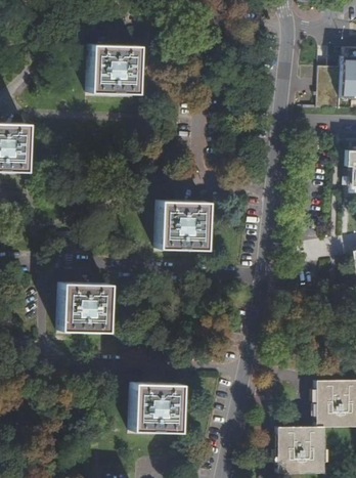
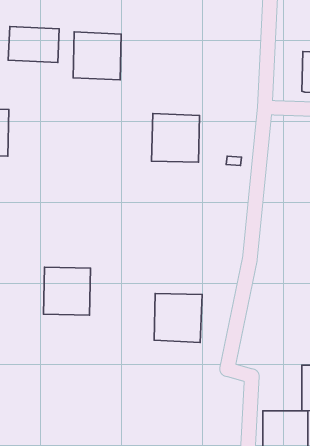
building: none -> [8,27,59,62]
building: [159,200,207,249] -> [152,113,200,162]
building: [132,381,180,430] -> [154,293,202,342]

